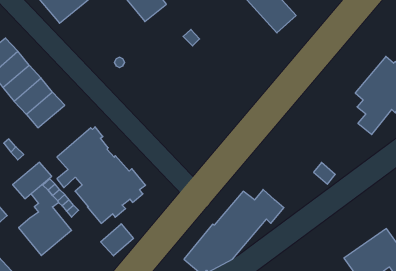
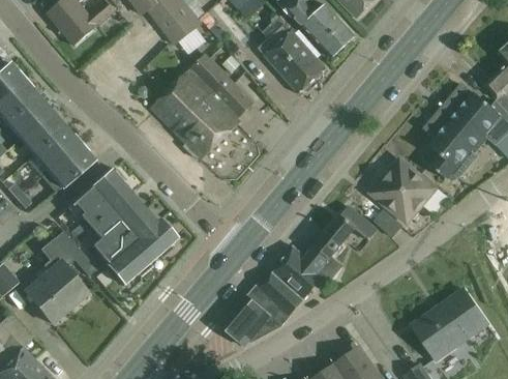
building: none -> [258,24,325,93]
building: none -> [151,54,253,158]
building: none -> [372,161,432,221]
building: none -> [316,205,377,256]
building: [13,162,52,199] -> [48,143,94,186]
building: [101,224,133,256] -> none

